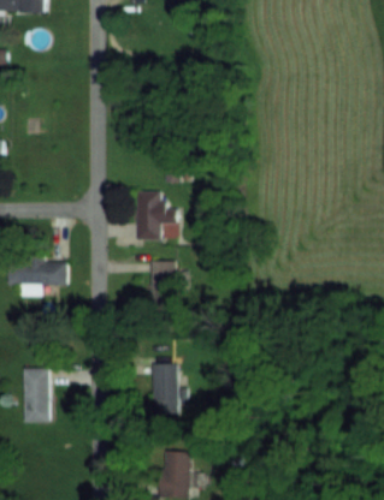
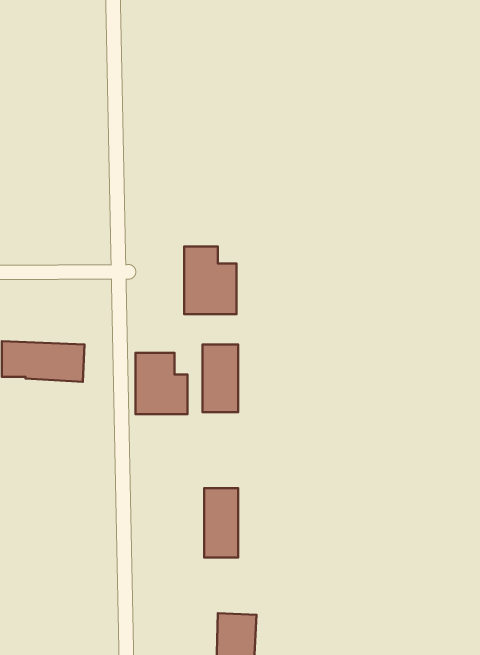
building: none -> [135,353,188,414]
building: [23,367,48,422] -> none

